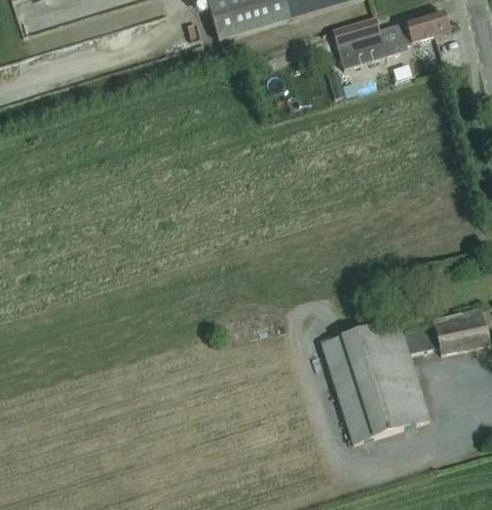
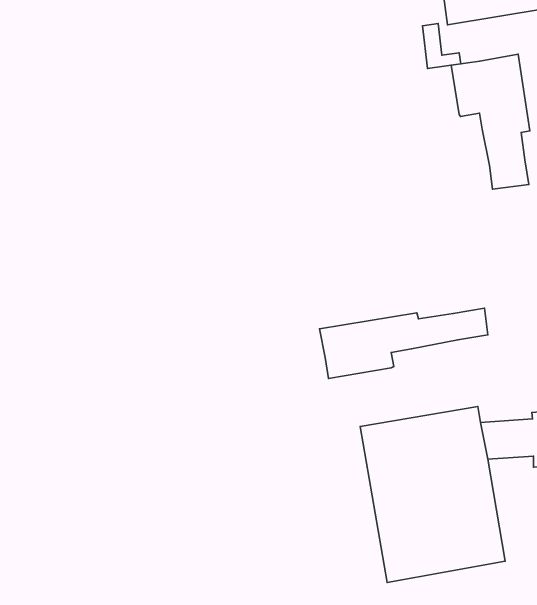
building: none -> [451,54,530,189]
building: none -> [319,308,488,379]

